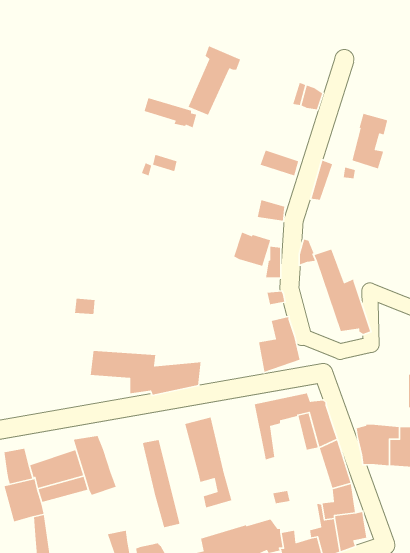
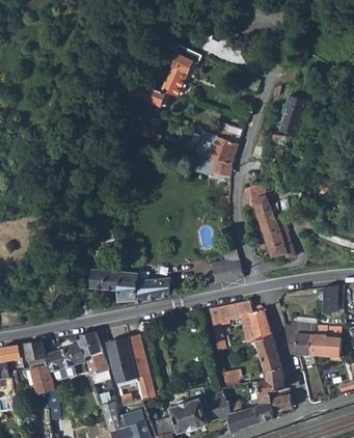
building: [233,231,271,267] -> [210,137,238,163]
building: [184,417,232,508] -> [107,337,142,405]

